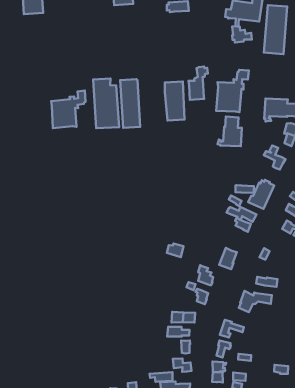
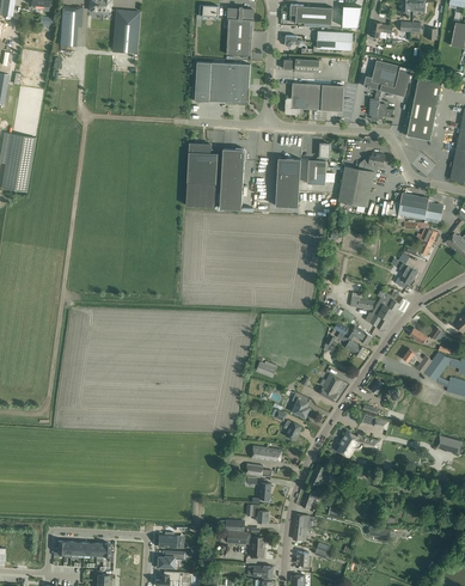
building: none -> [195,61,251,103]
building: none -> [284,83,344,114]
building: [51,91,86,128] -> none
building: [218,117,242,146] -> none

